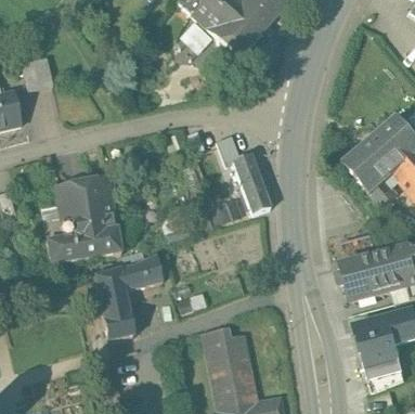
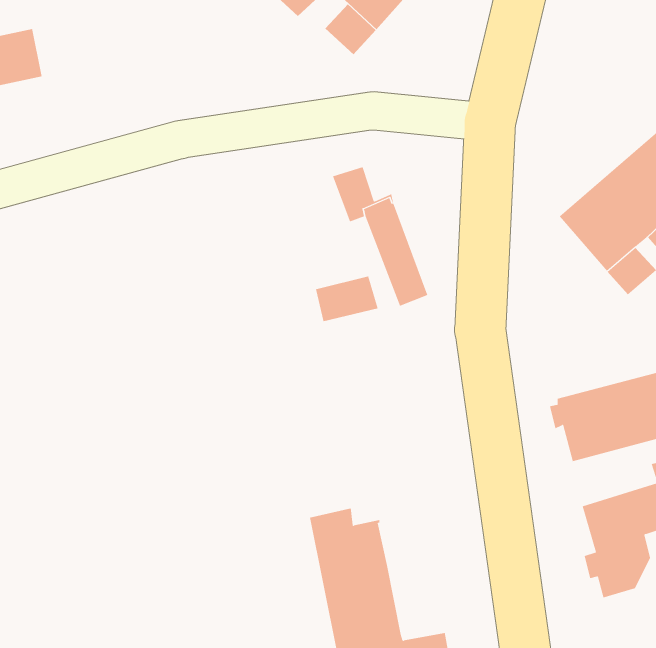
building: [47,174,122,263] -> none
building: [93,255,160,339] -> none

